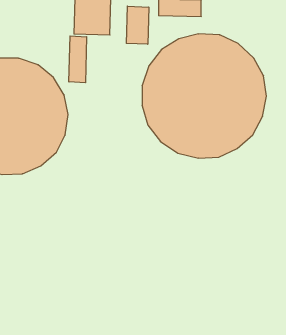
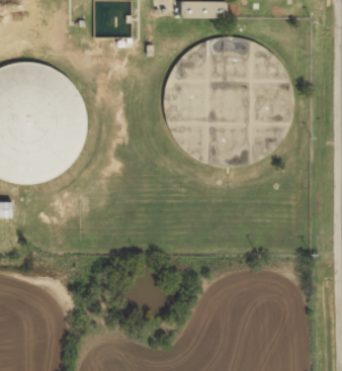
building: [126,6,149,44] -> none
building: [69,36,87,83] -> none

